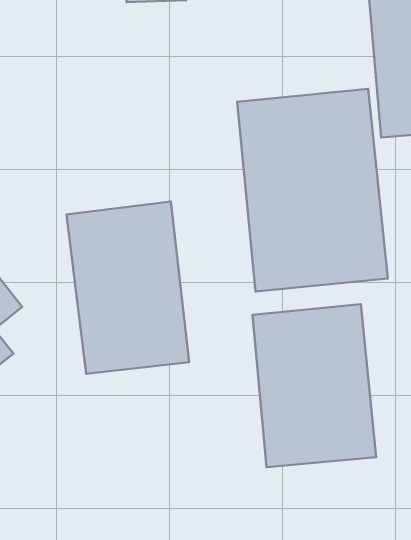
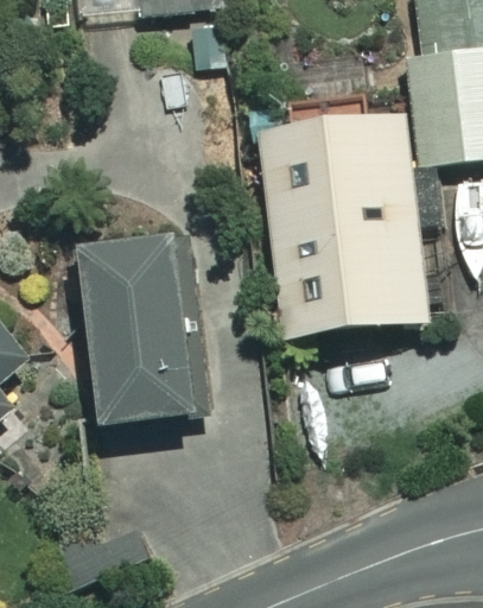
building: [253,304,376,467] -> none

